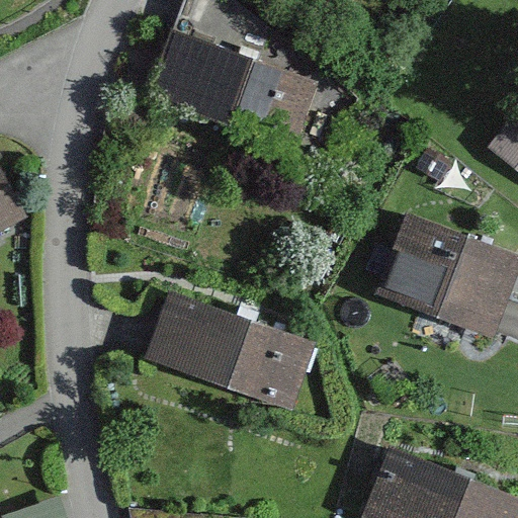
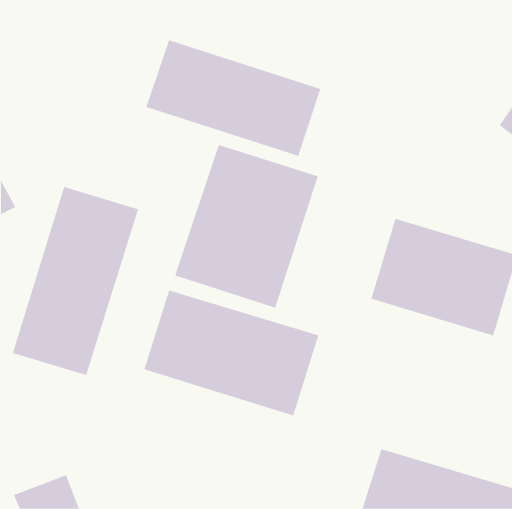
building: none -> [175,144,318,308]
building: none -> [12,186,139,376]

